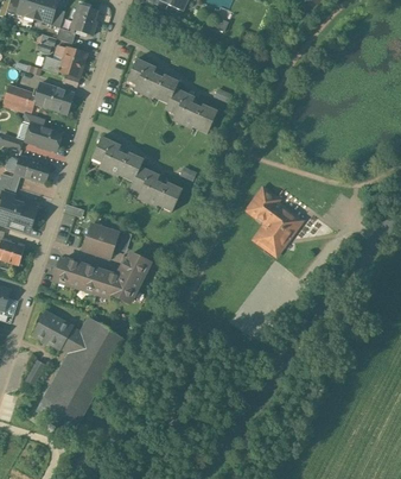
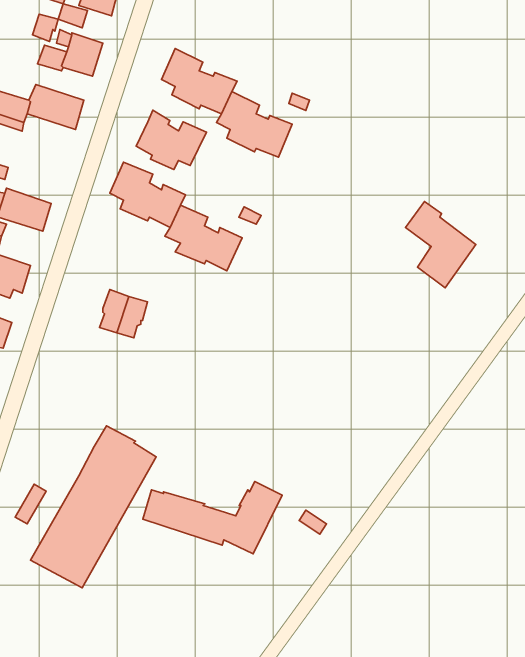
building: none -> [136,110,206,169]
building: [26,124,62,150] -> none
building: [249,193,298,252] -> [405,202,476,288]
building: [53,253,149,303] -> [143,481,282,554]
building: [34,314,81,353] -> none

